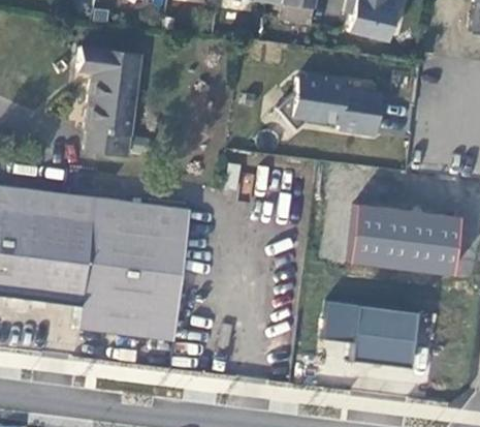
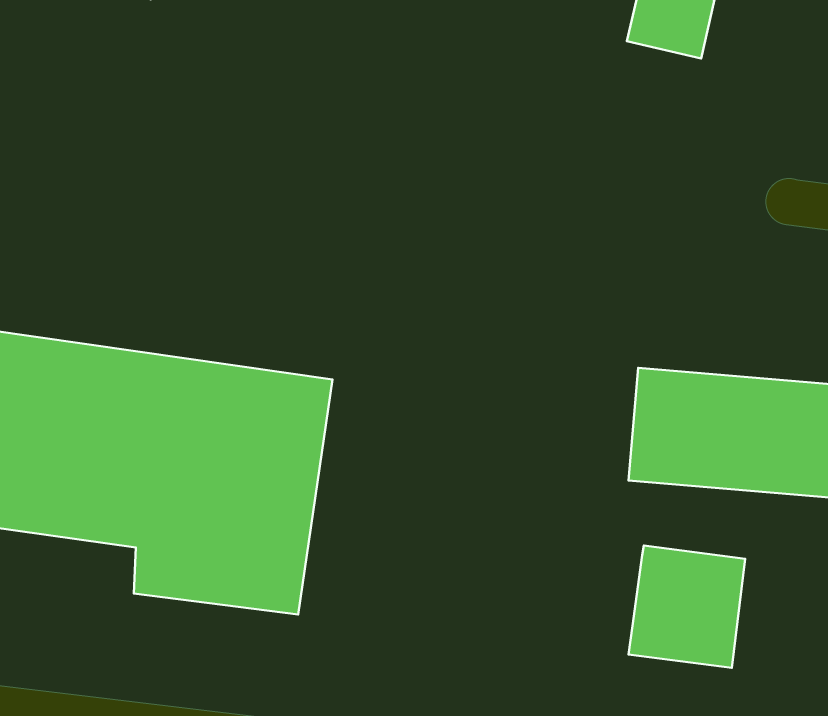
building: [82,41,146,154] -> none
building: [277,73,381,130] -> none
building: [323,303,357,344] -> none

